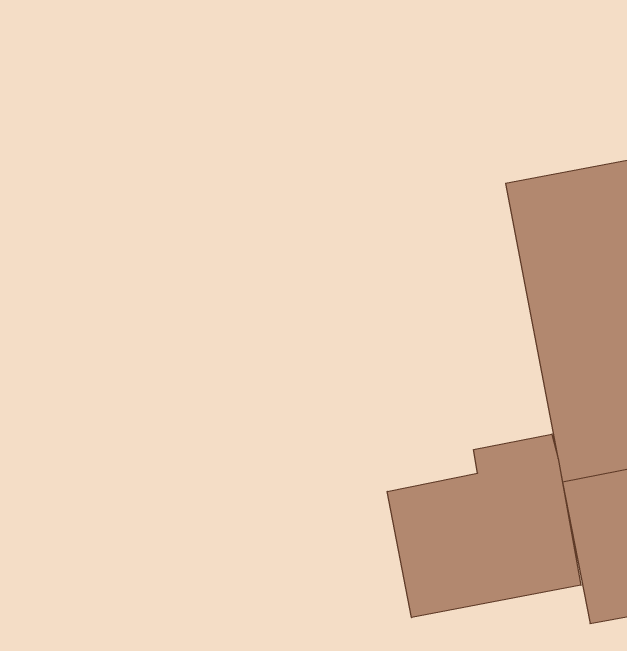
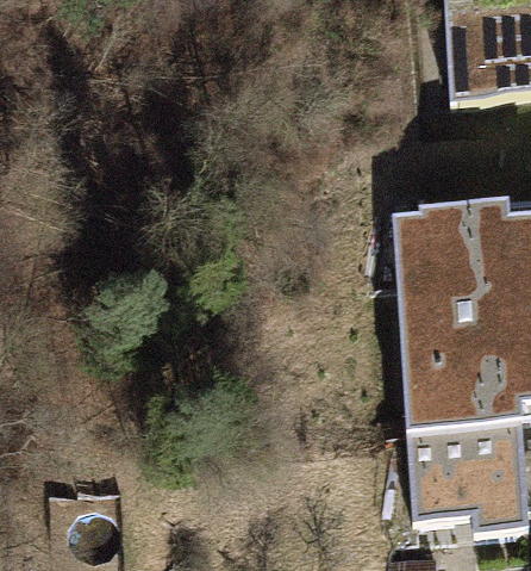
building: [387,434,581,618] -> none

